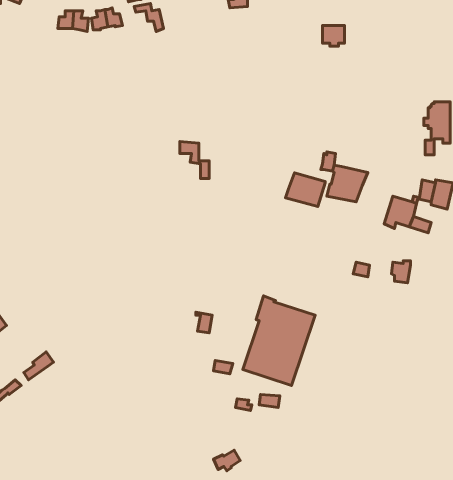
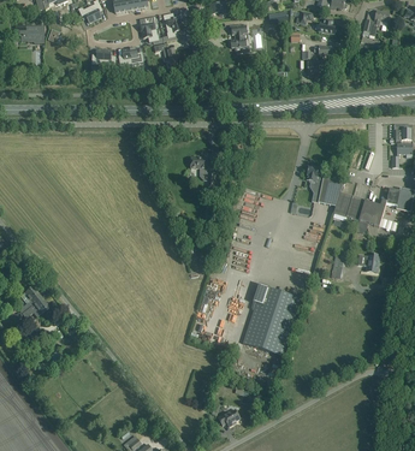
building: [286,173,325,206] -> [332,191,364,219]

